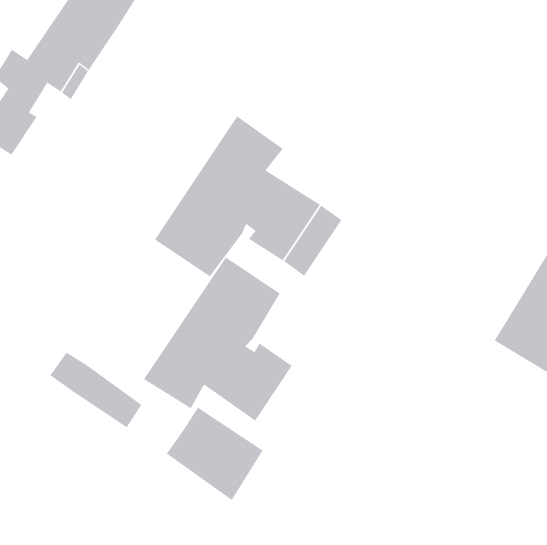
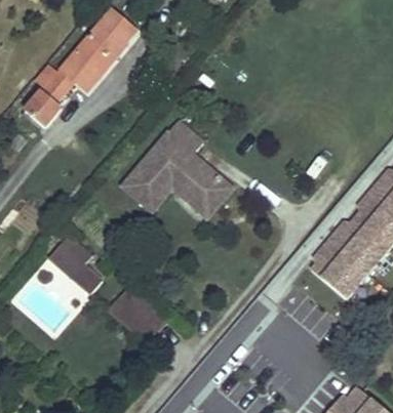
building: [143,256,293,421] -> none

